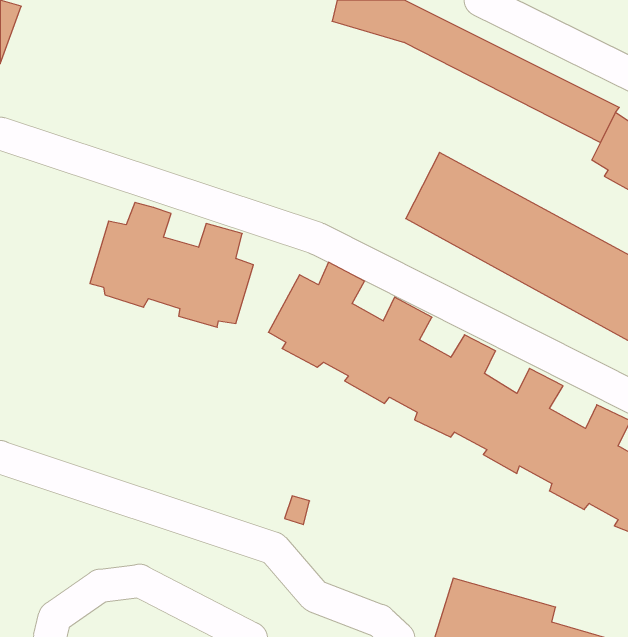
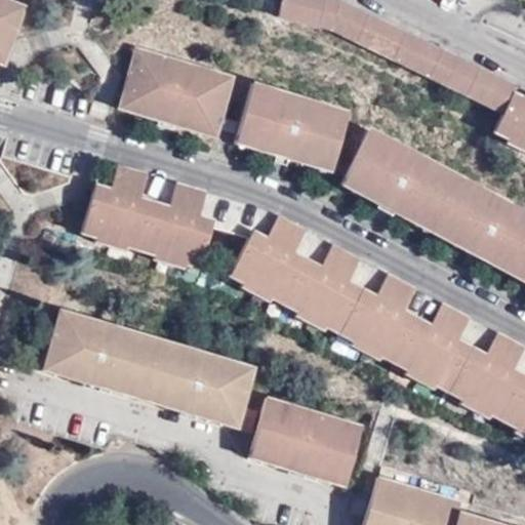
building: none -> [118,47,234,137]
building: none -> [237,83,349,173]
building: none -> [46,308,257,431]
building: none -> [253,395,365,487]

